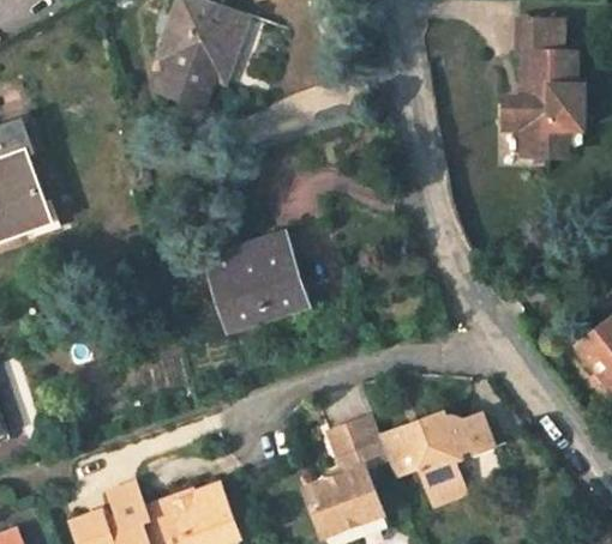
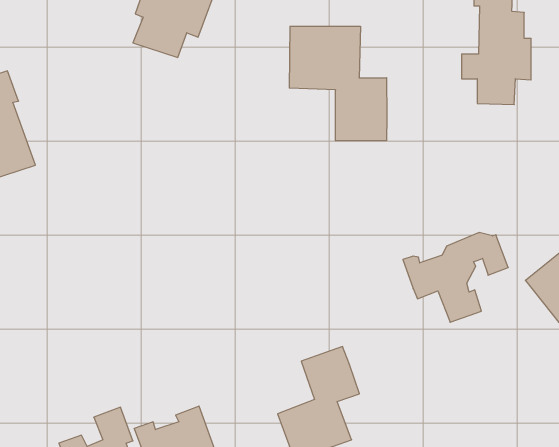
building: none -> [289,26,387,141]
building: [206,237,304,325] -> none
building: [385,406,498,502] -> [403,233,508,322]

